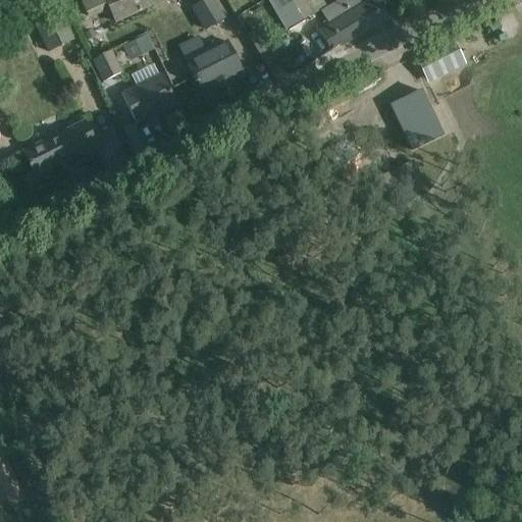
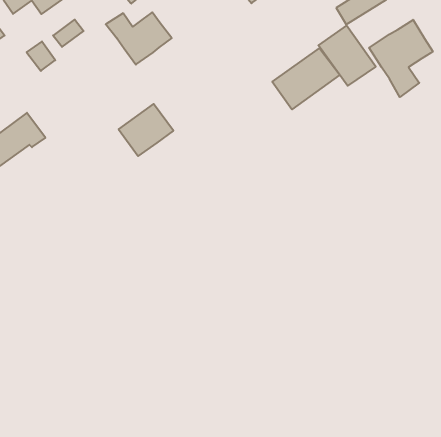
building: [121,71,176,121] -> [119,104,173,156]
building: none -> [369,20,433,97]
building: none -> [272,48,340,109]

